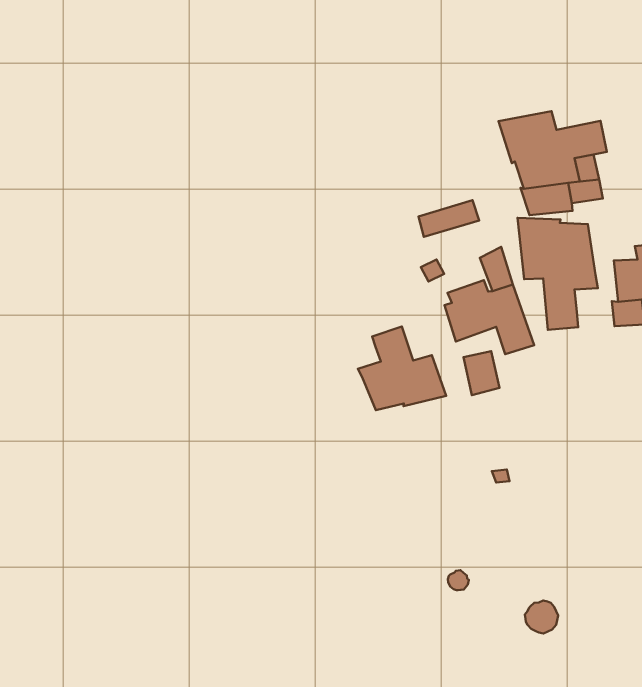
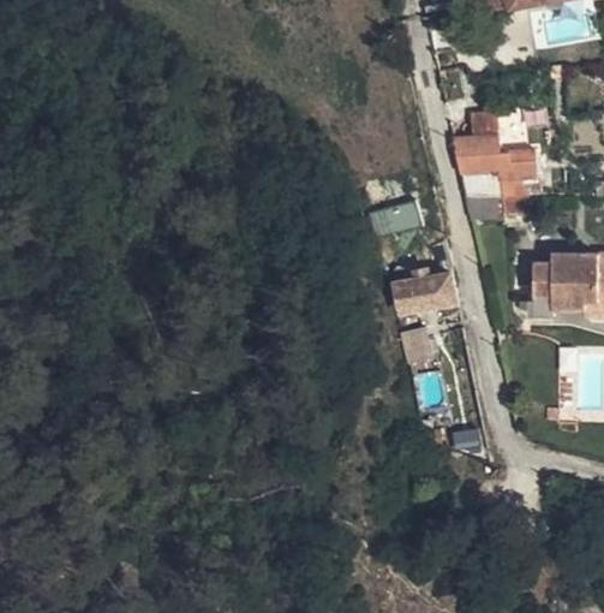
building: [518,218,598,330] -> none
building: [358,326,446,410] -> none

